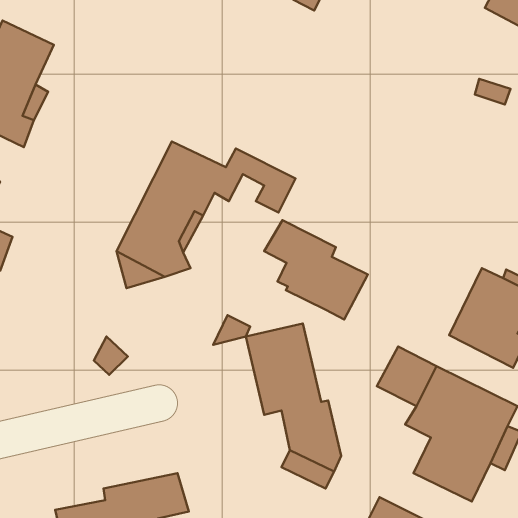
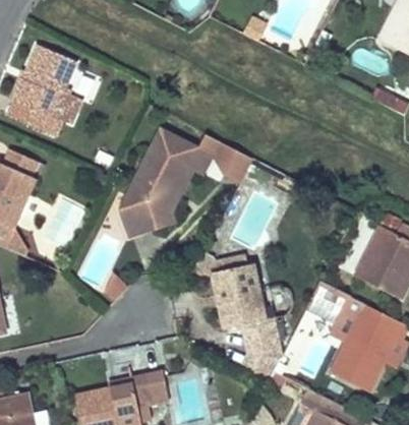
building: [264,220,368,320] -> none

